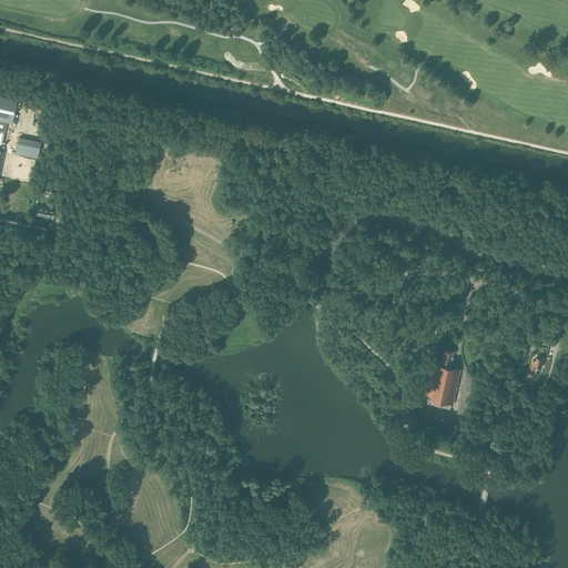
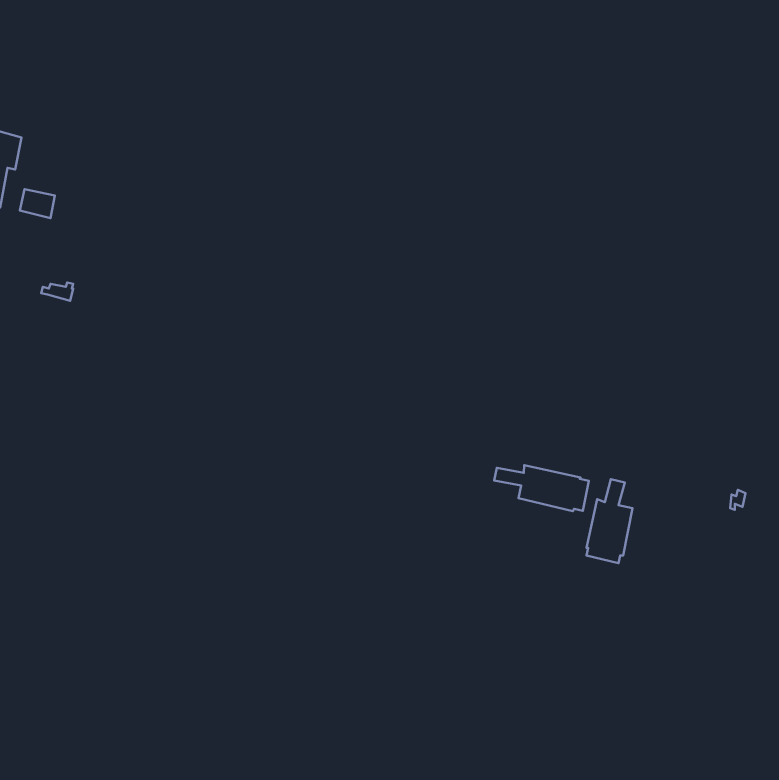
building: none -> [494,465,589,511]

